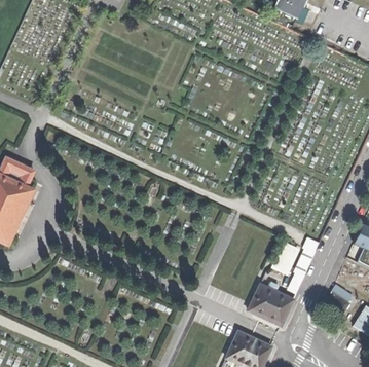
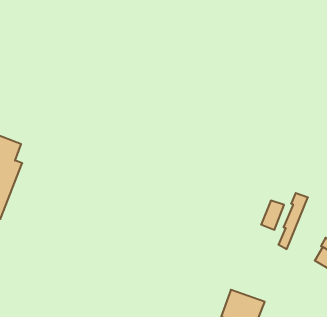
building: [249,284,293,325] -> none

